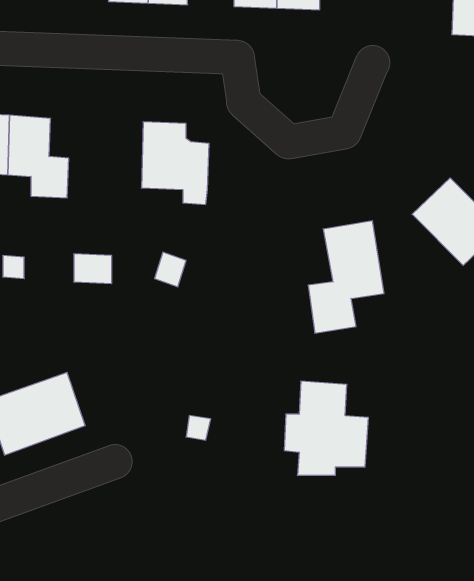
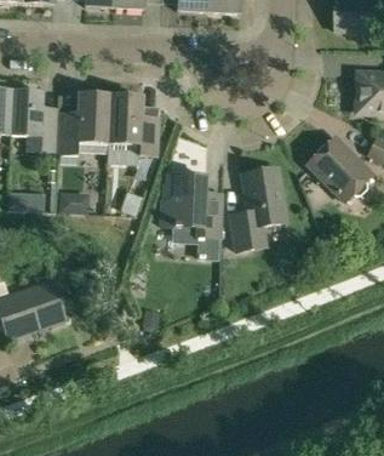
building: none -> [58,92,109,153]
building: [284,381,368,475] -> [160,172,222,241]

